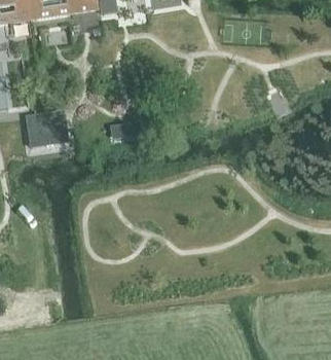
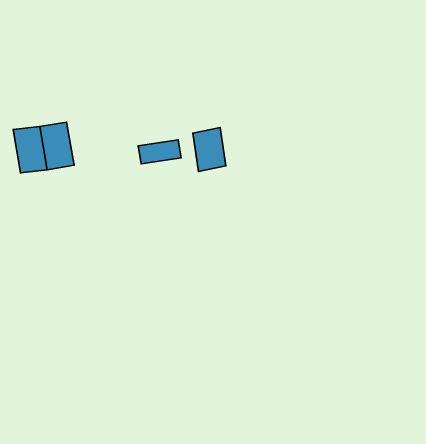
building: none -> [193,128,226,171]

